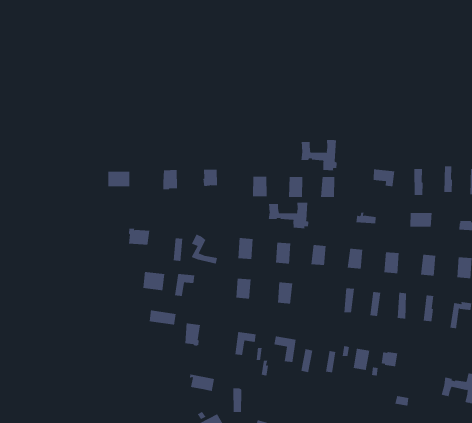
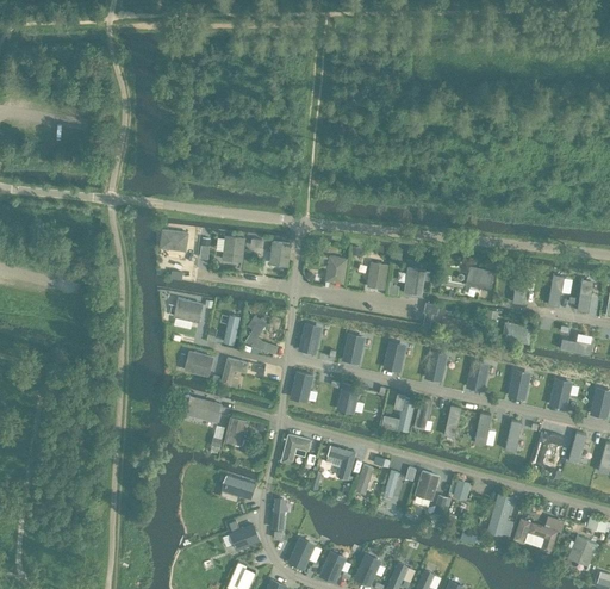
building: [301,139,337,171] -> none
building: [268,202,309,229] -> none
building: none -> [381,397,415,432]
building: none -> [490,494,512,534]

